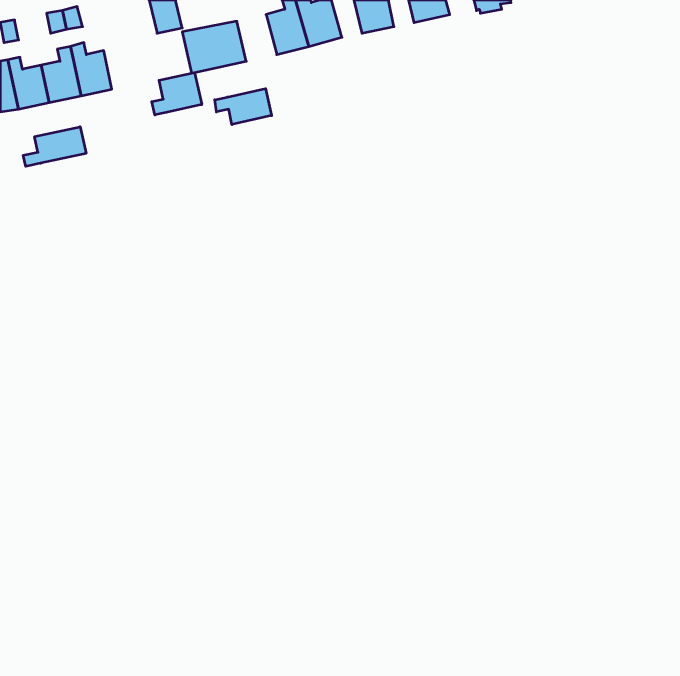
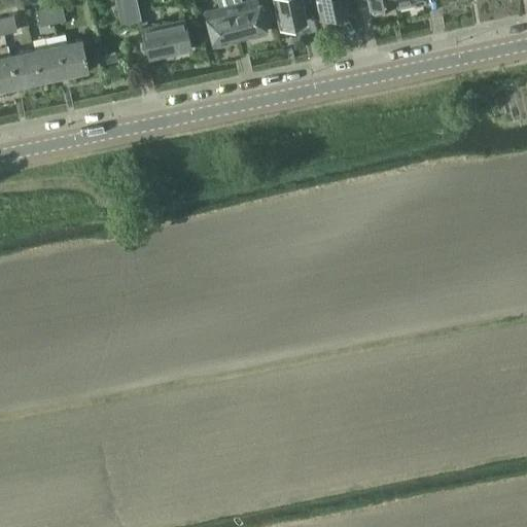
building: [152,73,202,115] -> none
building: [215,89,272,125] -> none
building: [23,127,86,166] -> none

